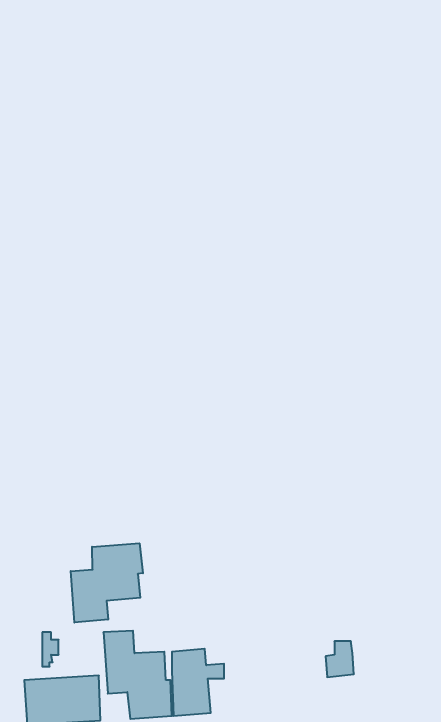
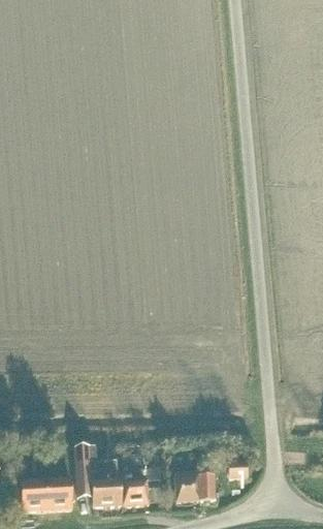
building: [71,543,143,623] -> none
building: none -> [174,470,216,501]

